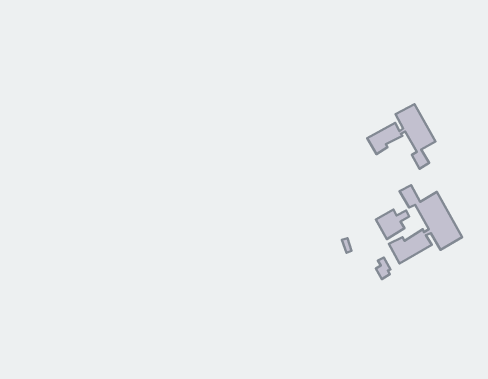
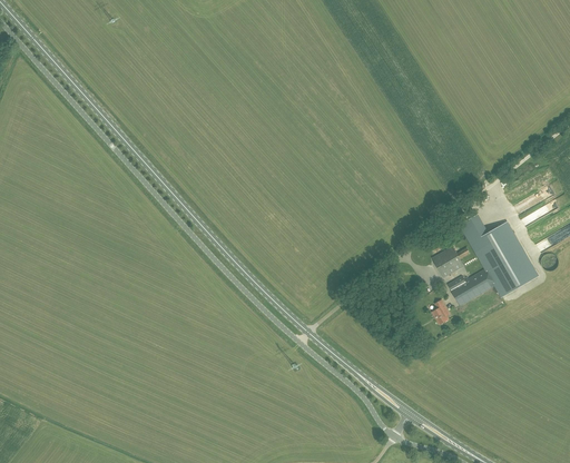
building: [367,104,436,169] -> none

